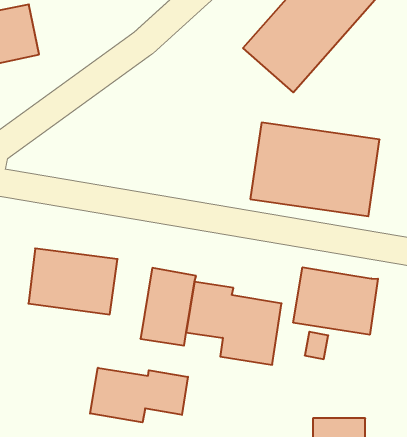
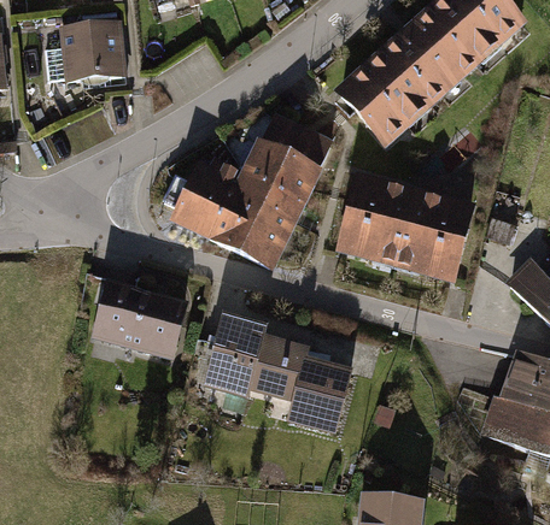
building: none -> [168,108,332,261]
building: [293,267,378,335] -> none
building: [90,368,188,422] -> none

